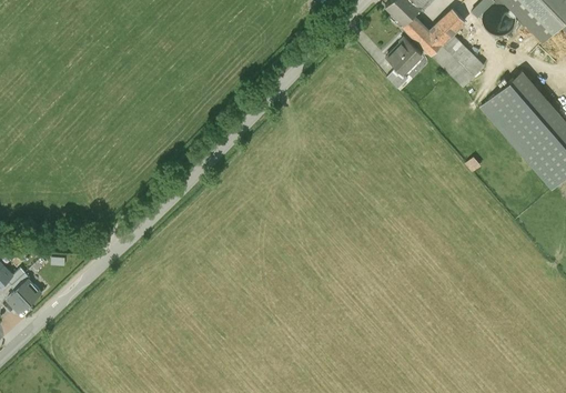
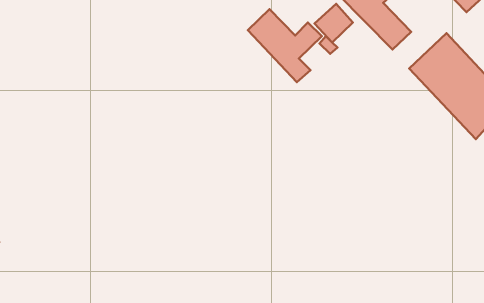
building: none -> [248,9,322,82]

